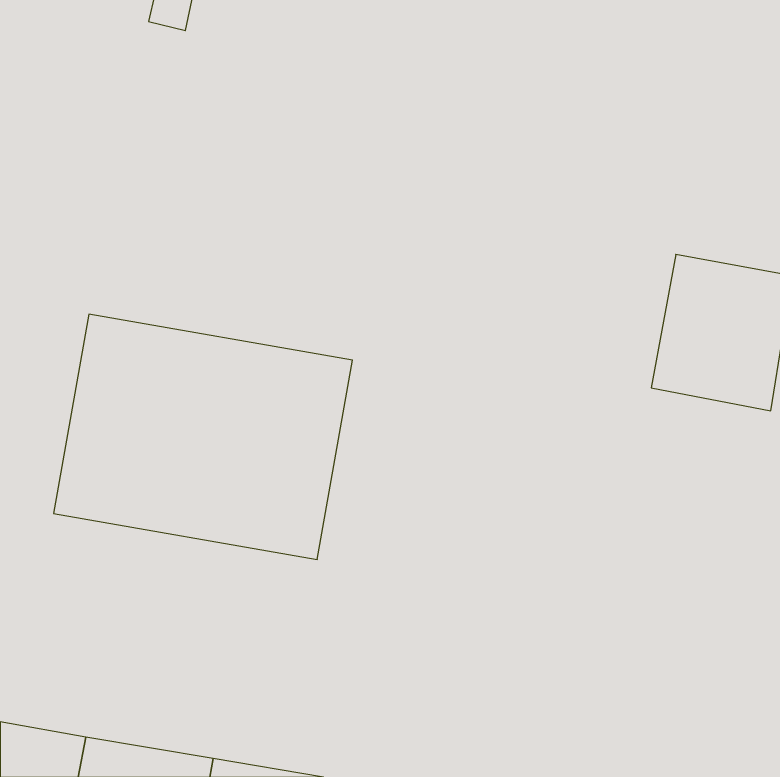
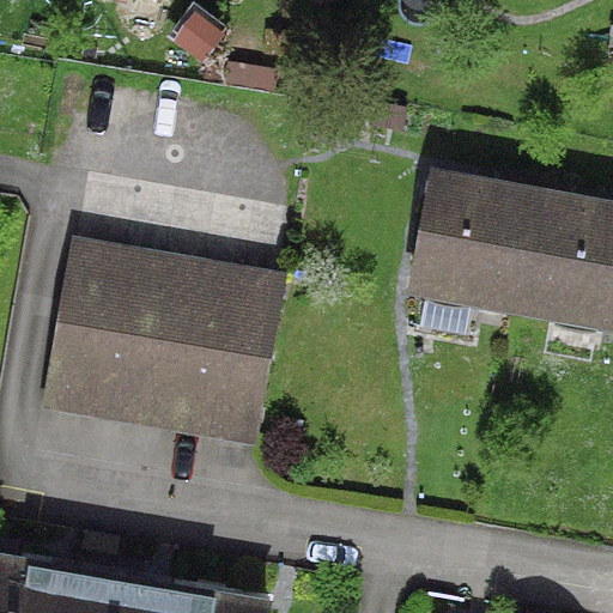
building: none -> [417,182,530,303]

